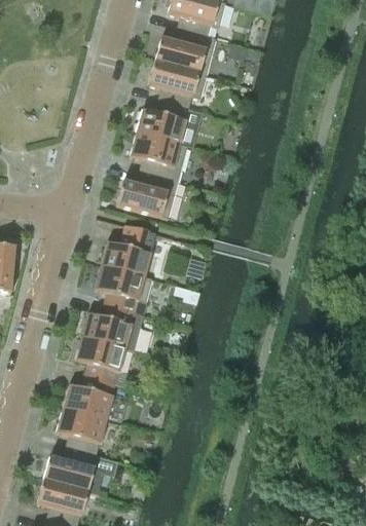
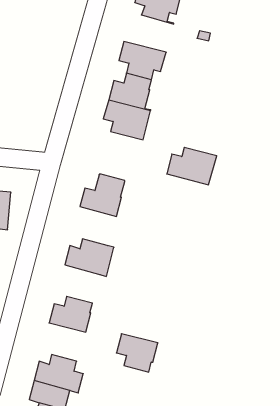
building: [155,28,217,74] -> none
building: [117,172,179,218] -> [167,147,217,185]
building: [95,264,153,312] -> none
building: [76,336,126,383] -> none
building: [57,408,108,455] -> [116,334,158,372]

